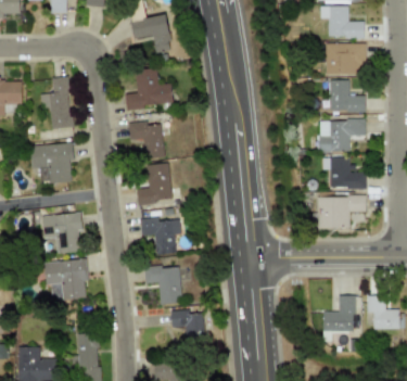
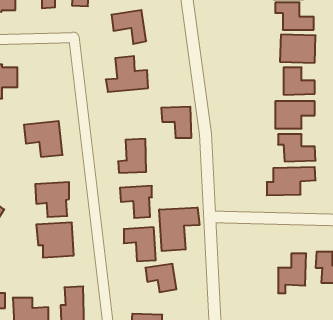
building: [41,77,71,128] -> none
building: [129,122,164,157] -> [161,107,191,138]
building: none -> [159,207,199,251]

